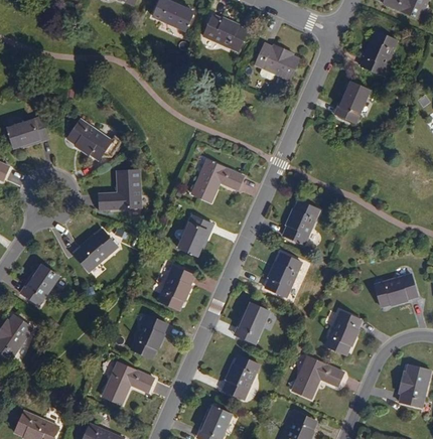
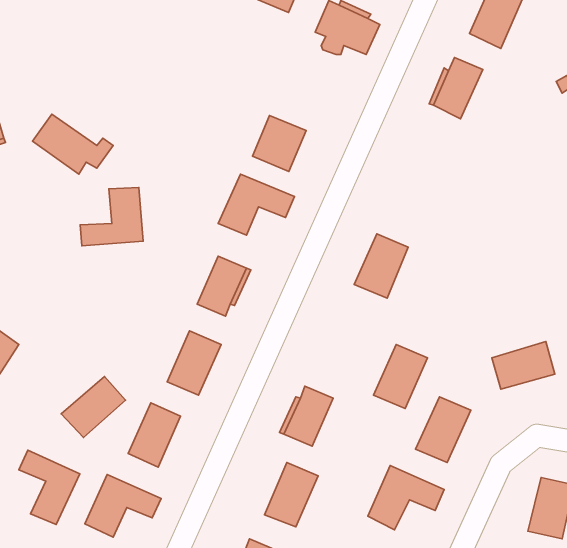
building: none -> [252,115,306,171]
building: [73,230,116,271] -> [61,376,126,438]
building: [266,253,302,296] -> [374,344,428,409]
building: none -> [19,450,80,525]

